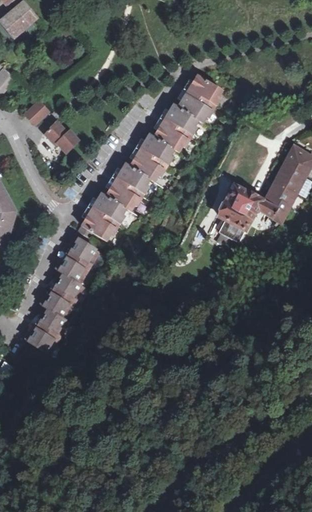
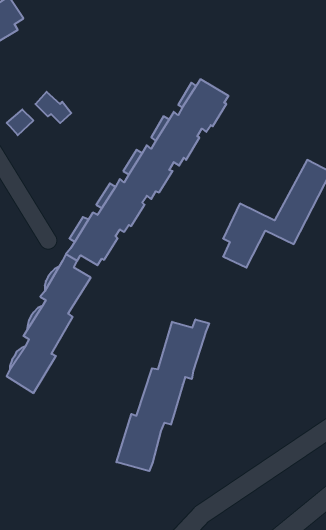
building: [45,123,77,151] -> [35,92,71,123]
building: none -> [116,319,209,471]

